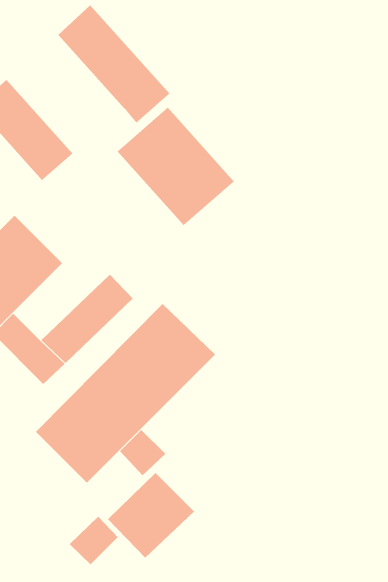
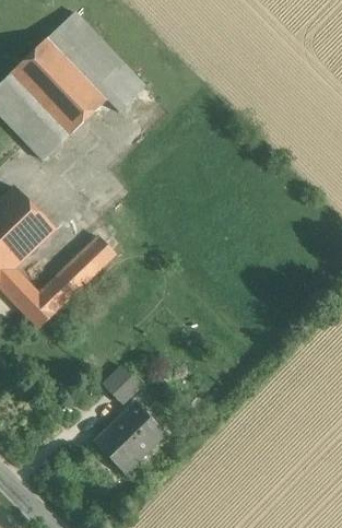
building: [117,107,234,226] -> [9,36,107,136]
building: [35,303,216,483] -> none
building: [69,516,119,565] -> none

